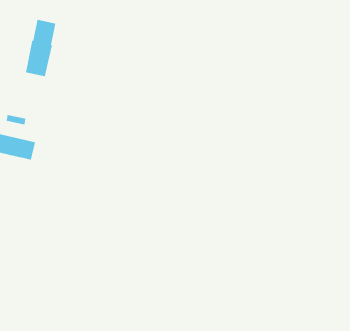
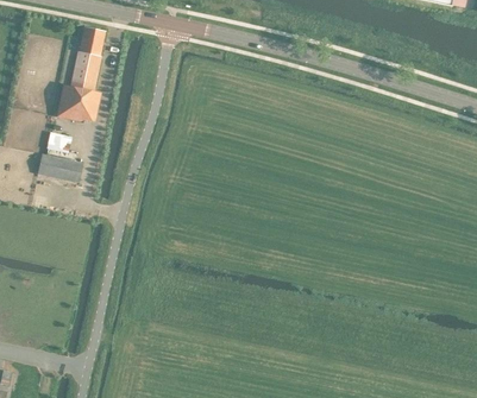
building: none -> [54,83,100,121]

